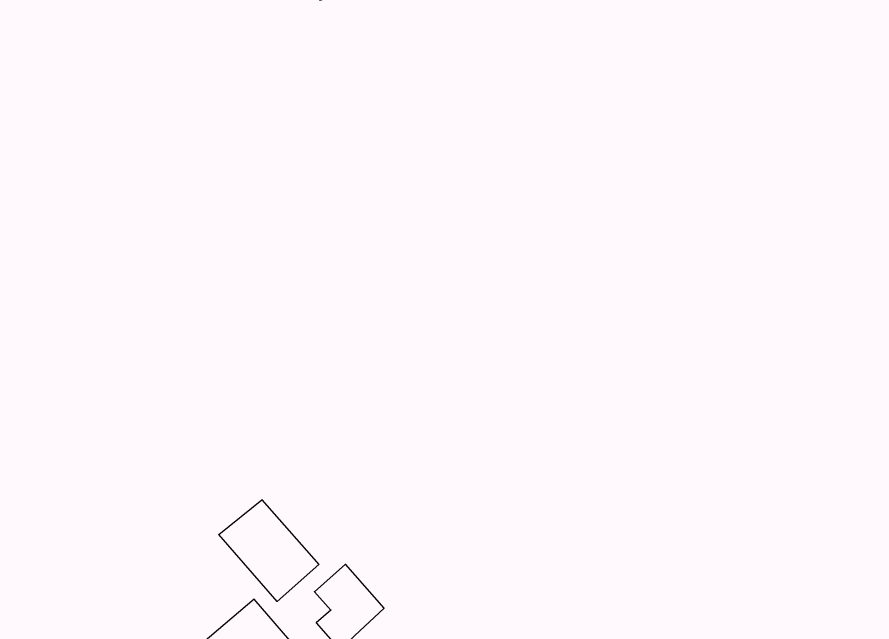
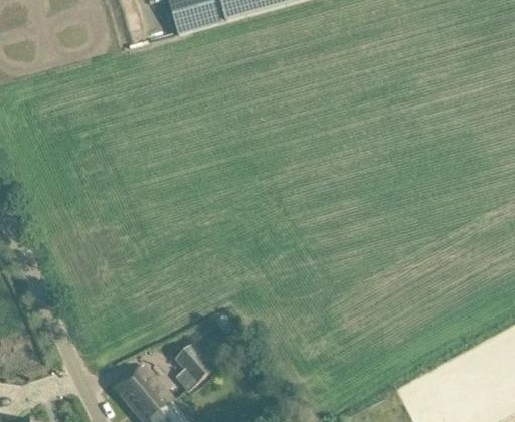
building: [219,500,319,601] -> none

